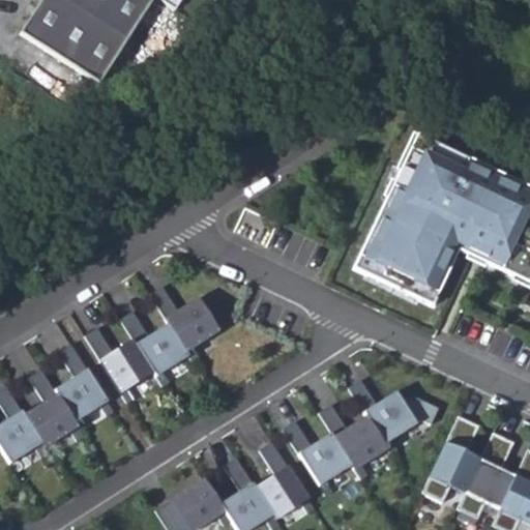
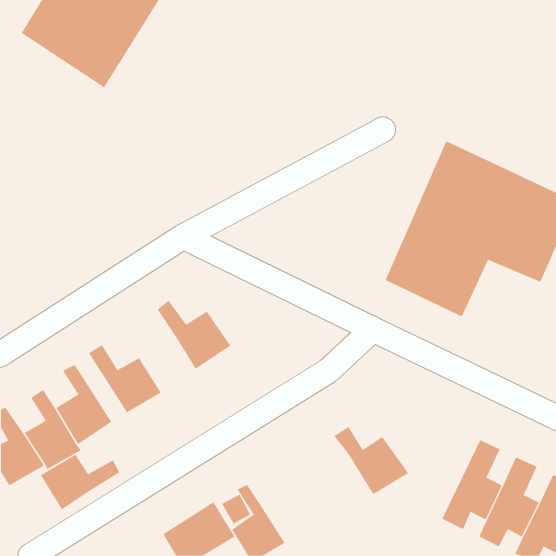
building: [120,311,189,376] -> none
building: [349,381,417,443] -> none
building: [283,423,352,487] -> none
building: none -> [40,454,120,510]
building: [254,441,308,521] -> none

